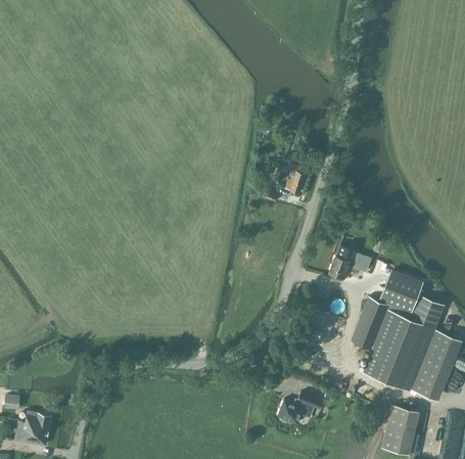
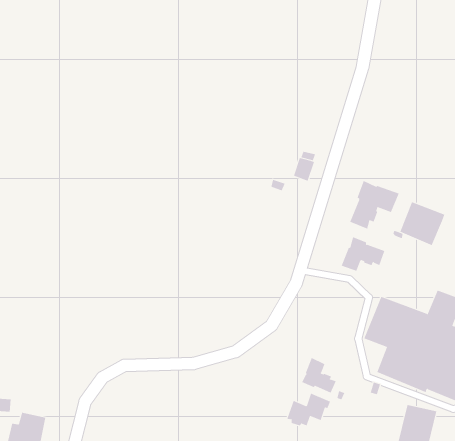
building: none -> [349,180,400,230]
building: [380,272,423,314] -> [400,201,445,246]
building: none -> [301,357,337,394]

